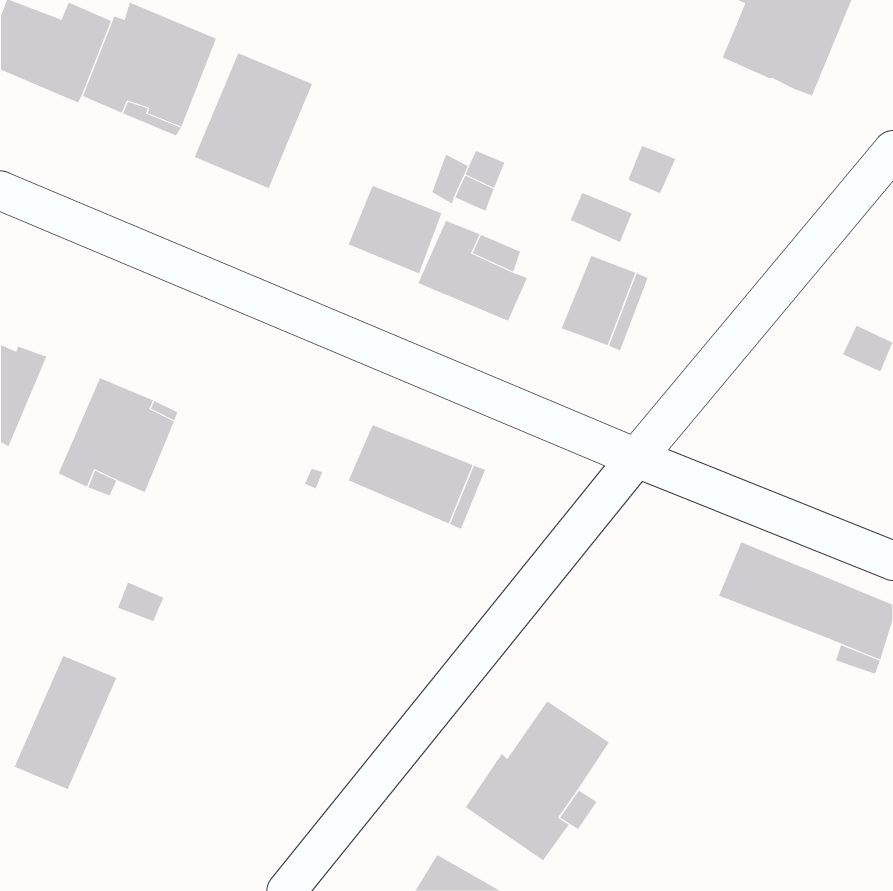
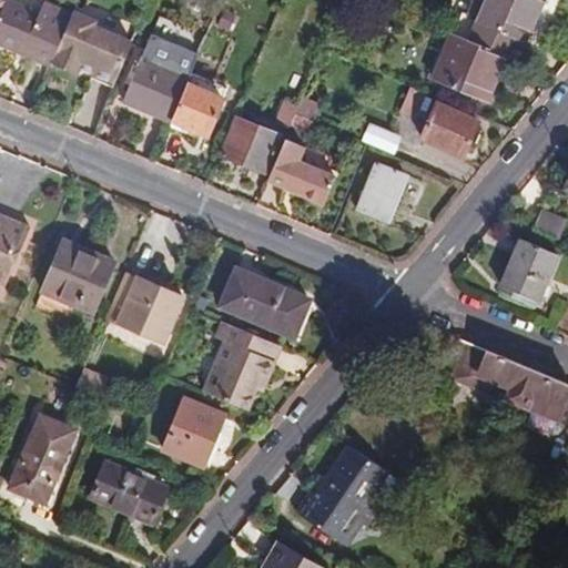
building: none -> [430,33,504,102]
building: none -> [169,74,226,135]
building: none -> [420,102,478,156]
building: none -> [499,239,558,302]
building: none -> [104,273,182,342]
building: none -> [203,322,281,409]
building: none -> [163,398,224,466]
building: none -> [91,463,166,523]

